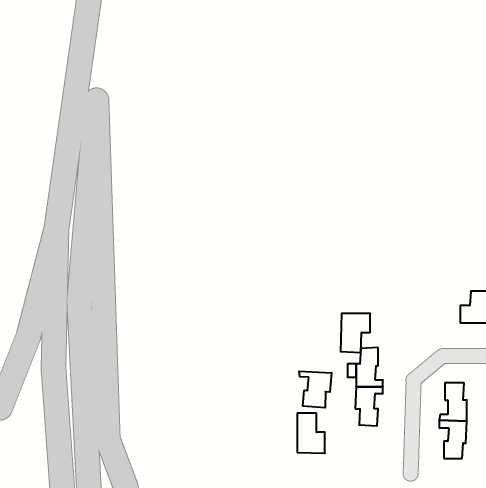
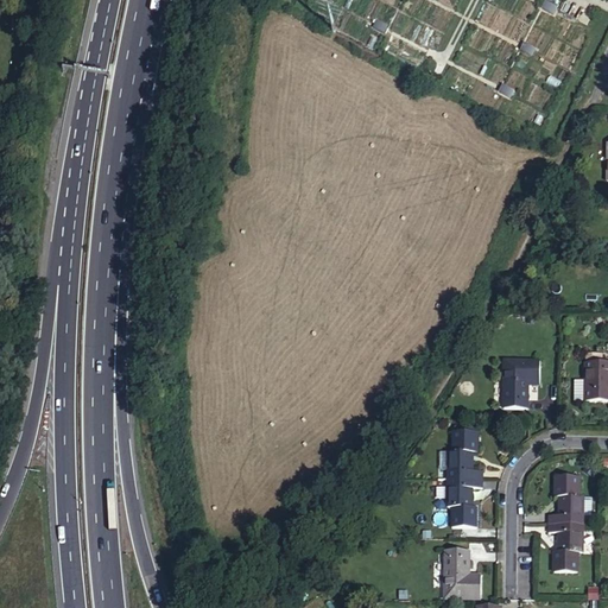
building: [341,313,370,353] -> [504,357,540,406]
building: [299,371,332,408] -> none
building: [297,413,325,453] -> [445,545,480,595]

